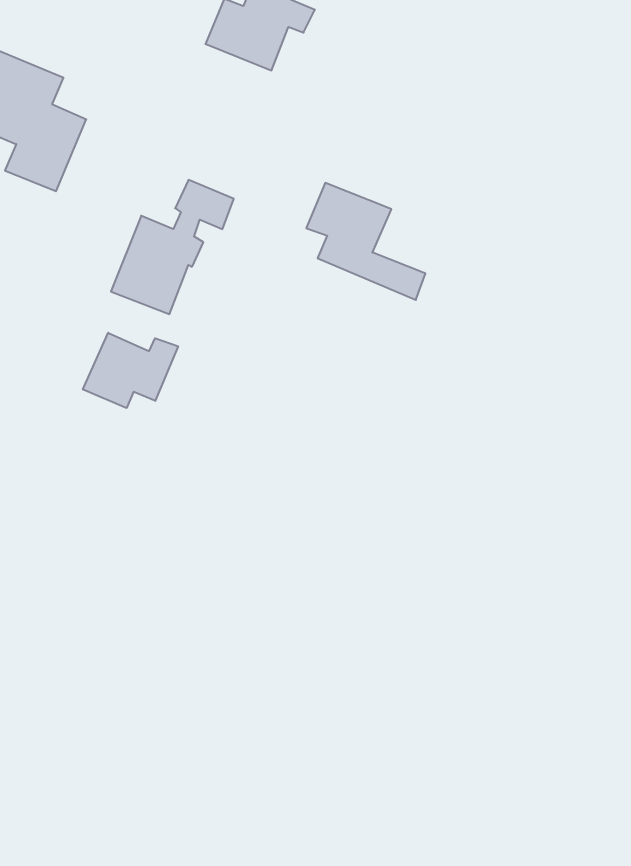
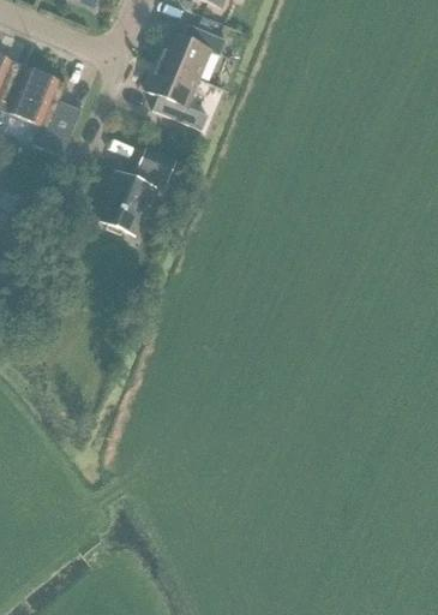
building: [306,183,425,300] -> [144,61,220,136]
building: [83,333,178,408] -> none

